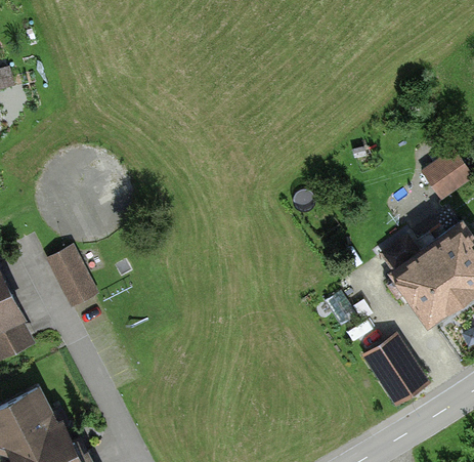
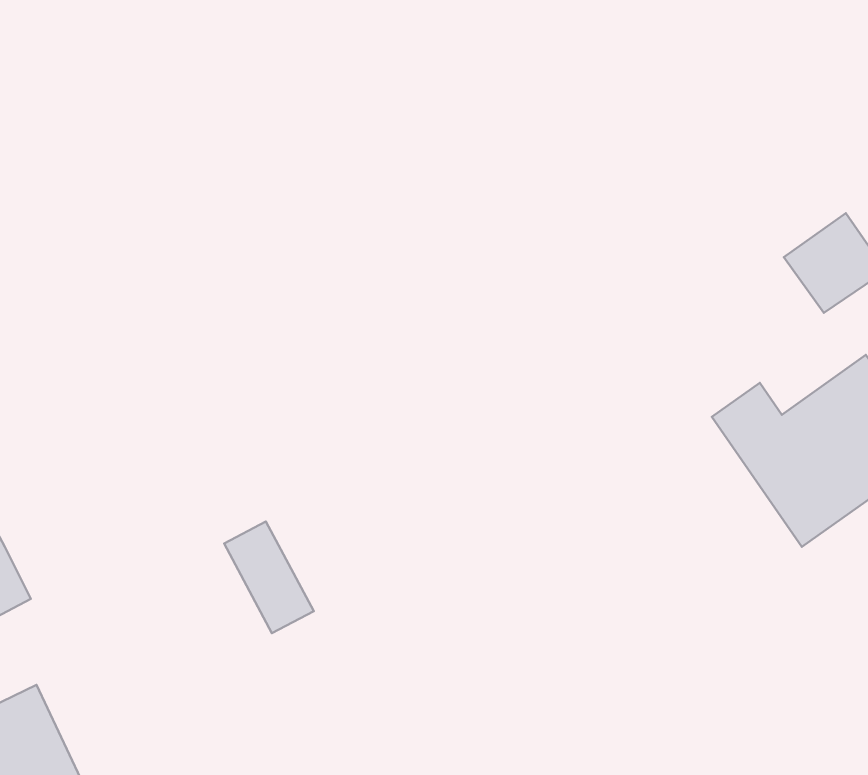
building: [54,249,100,306] -> [224,521,314,633]
building: [364,334,430,408] -> none

